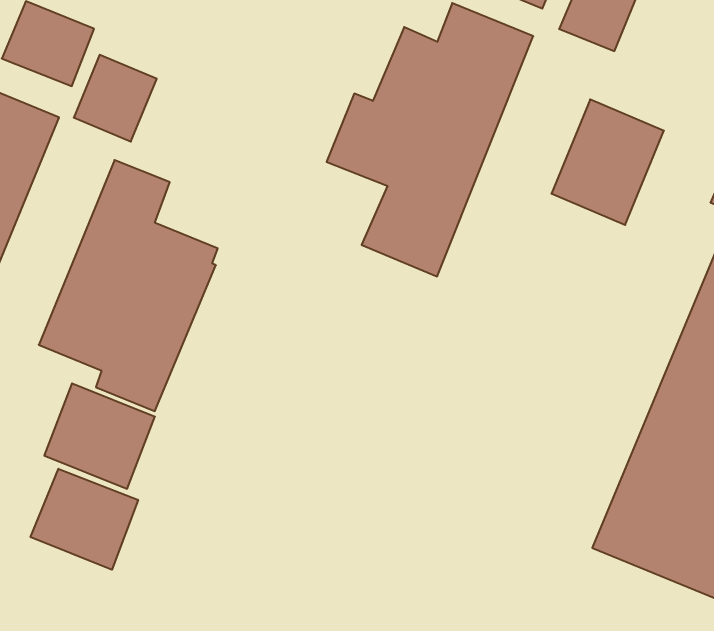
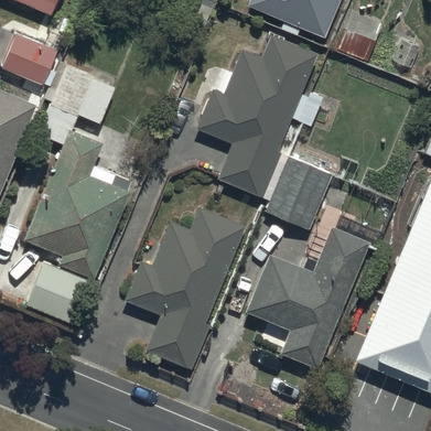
building: [551,99,664,225] -> [266,155,333,230]
building: none -> [125,206,247,369]
building: none -> [245,225,369,367]
building: [31,469,138,570] -> none

